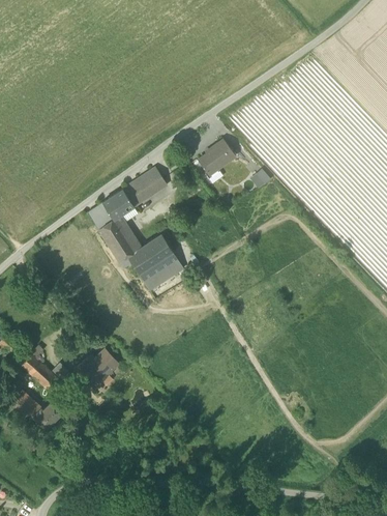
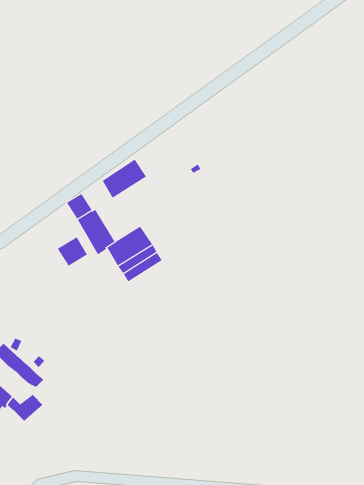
building: [199,140,236,175] -> none
building: [102,190,133,220] -> [56,237,88,267]
building: [76,350,119,390] -> none

